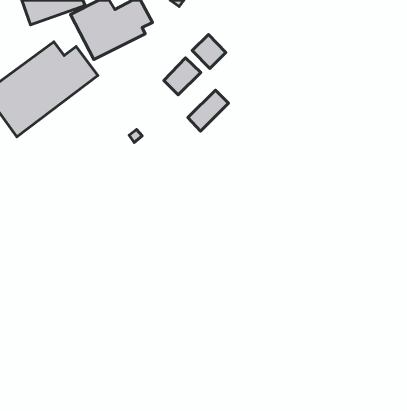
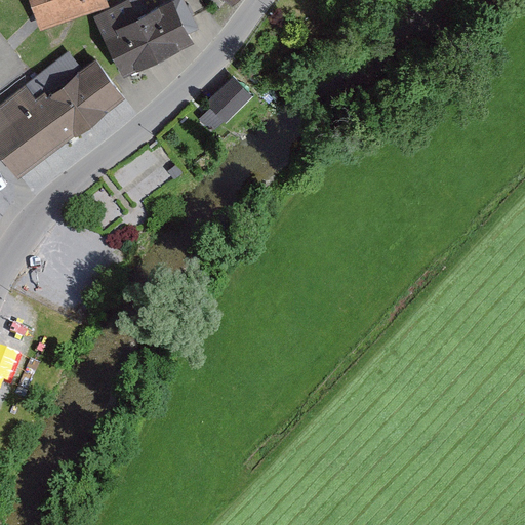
building: [192,35,226,68] -> none
building: [188,90,228,131] -> none

